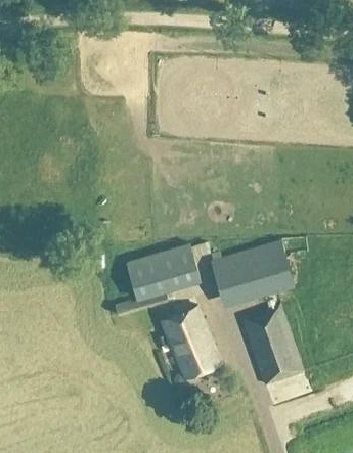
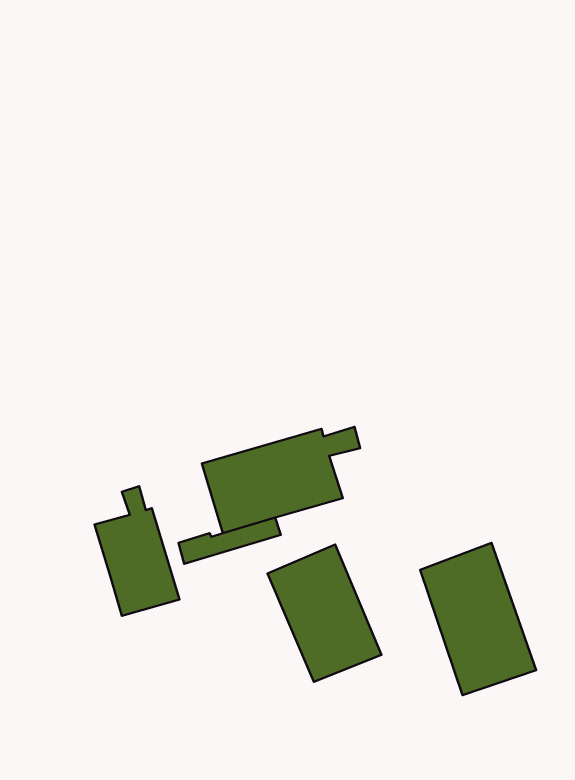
building: [211,239,295,307] -> none
building: none -> [94,486,179,616]

